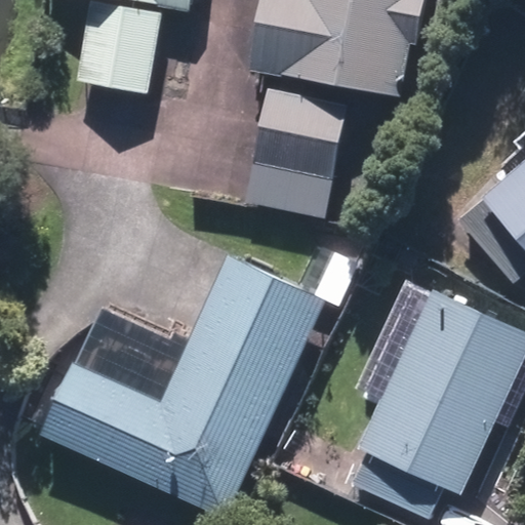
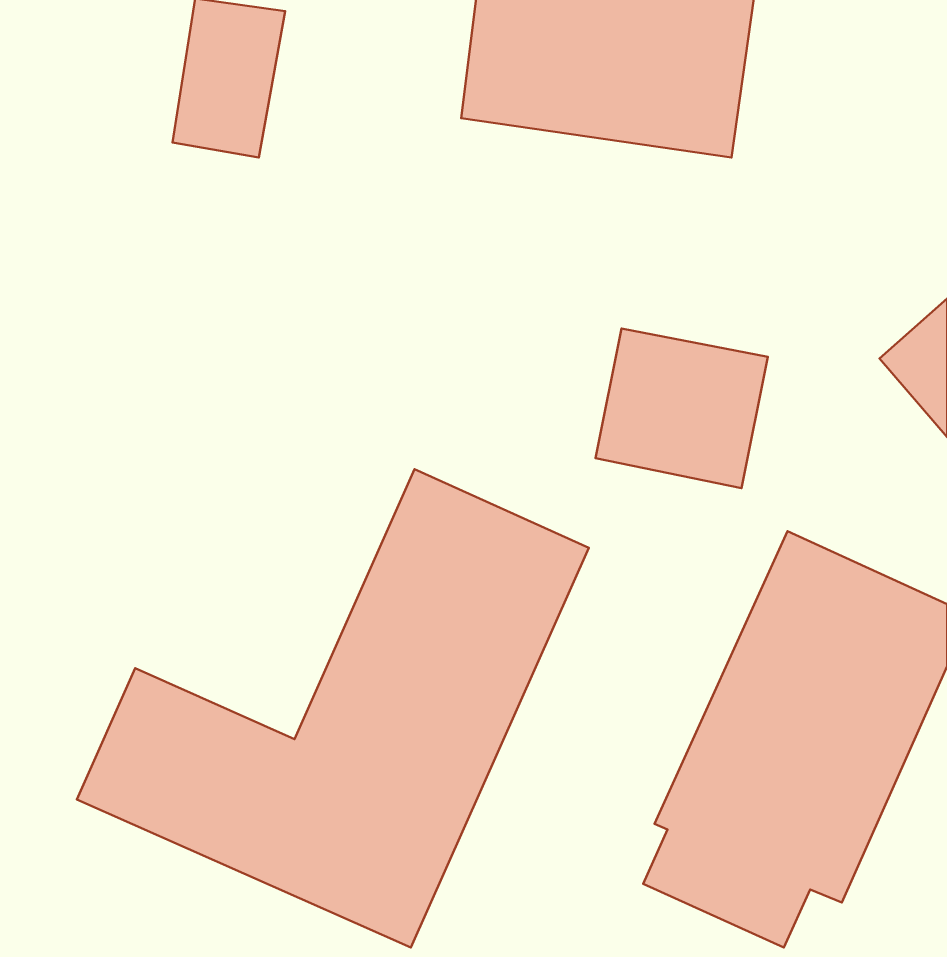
building: [250,90,345,177] -> [595,329,768,488]

